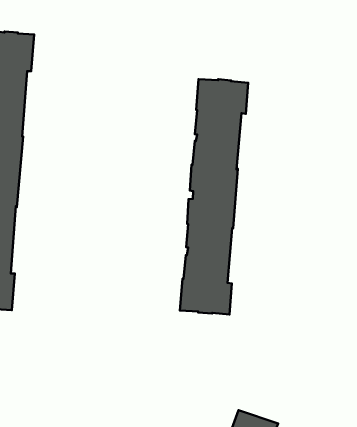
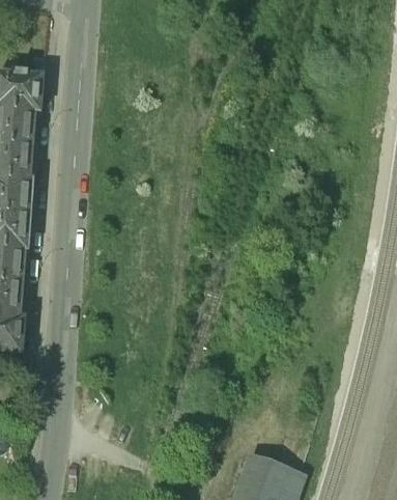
building: [180,79,248,314] -> none

